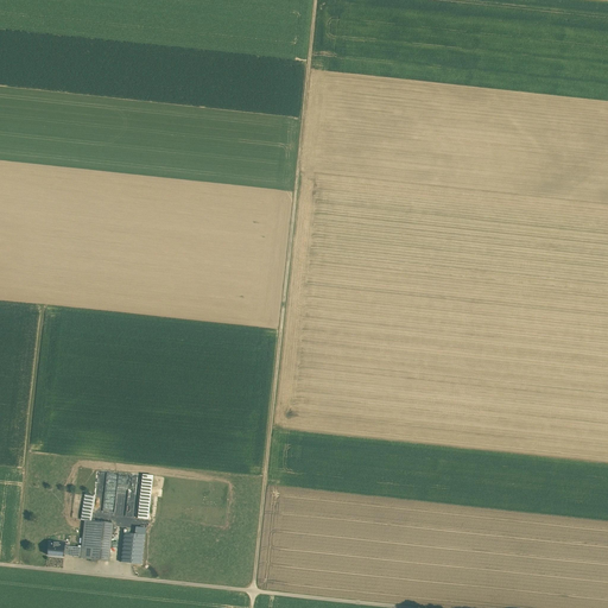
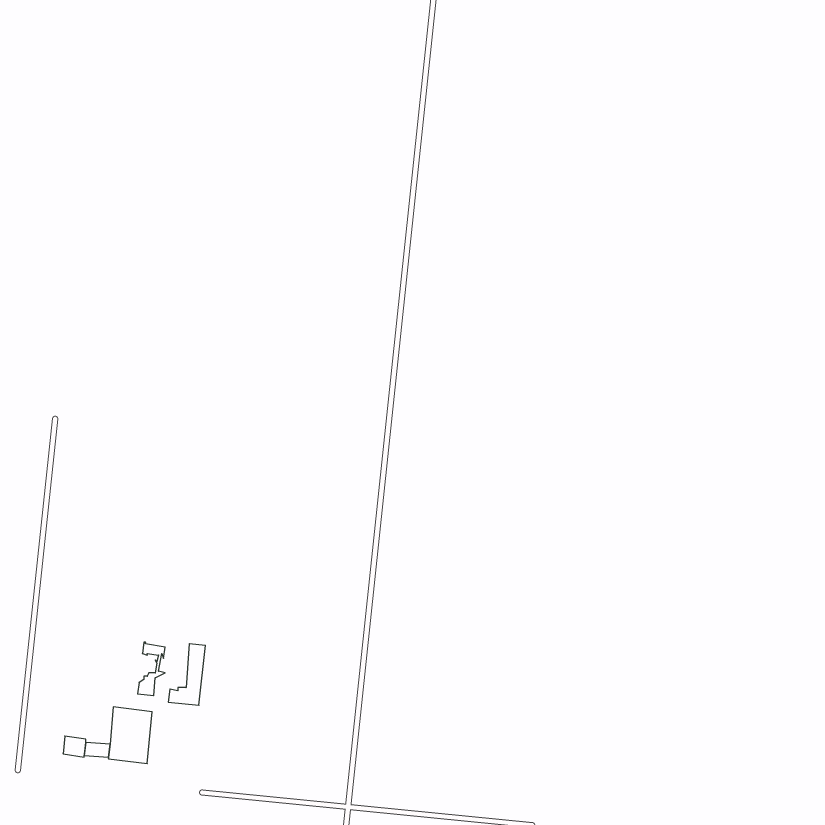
building: [120,532,144,564] -> none

